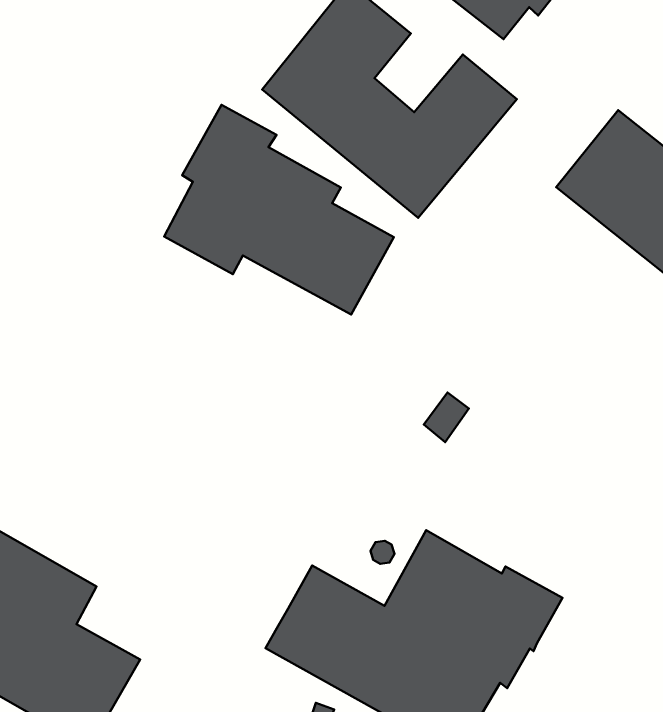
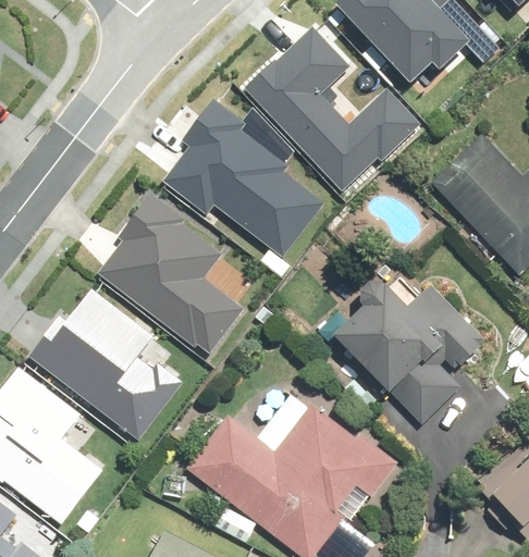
building: none -> [98,190,239,349]
building: none -> [345,284,481,428]
building: none -> [28,284,177,434]

